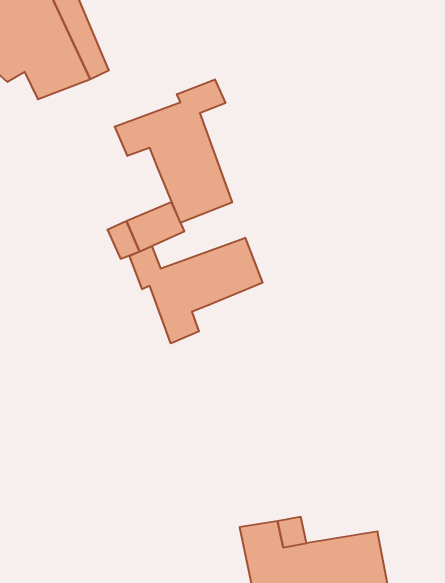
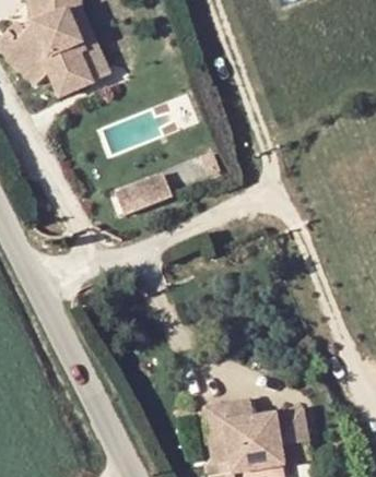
building: [115,79,232,223] -> none
building: [129,238,263,343] -> none

